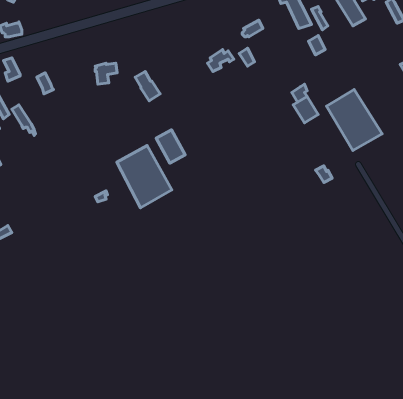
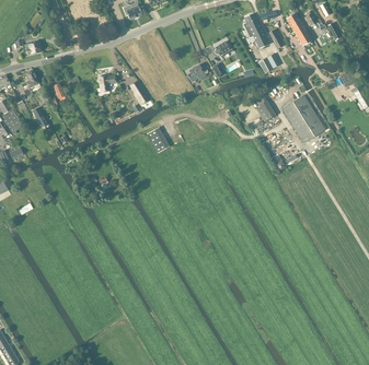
building: [117,145,172,208] -> none

